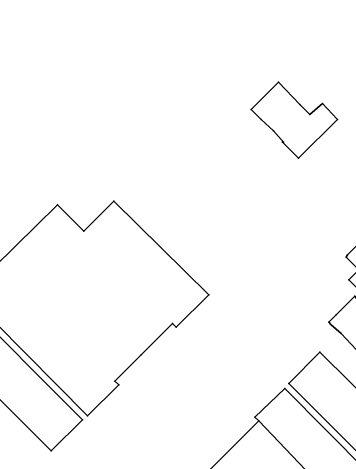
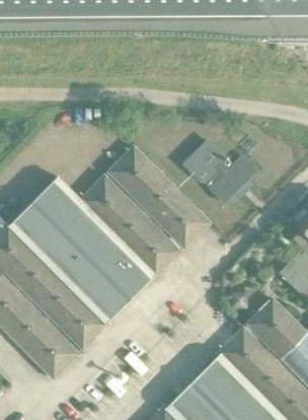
building: [251,82,337,158] -> [184,140,254,202]
building: none -> [106,146,209,249]

